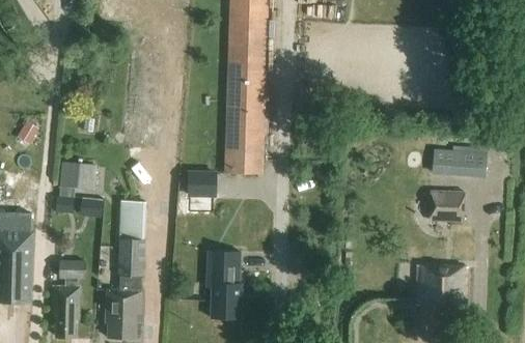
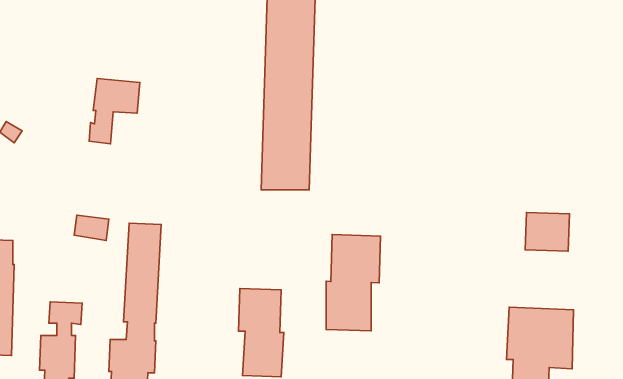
building: [433,149,488,177] -> none
building: [56,163,95,213] -> [89,78,140,144]
building: [189,172,215,196] -> none
building: none -> [326,235,381,331]

